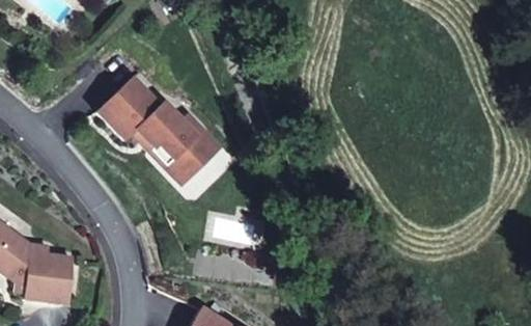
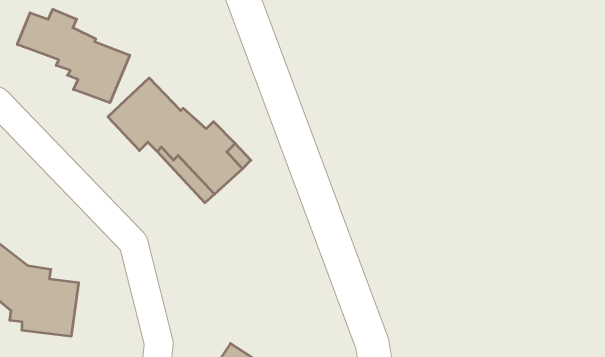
building: none -> [17,9,130,103]

